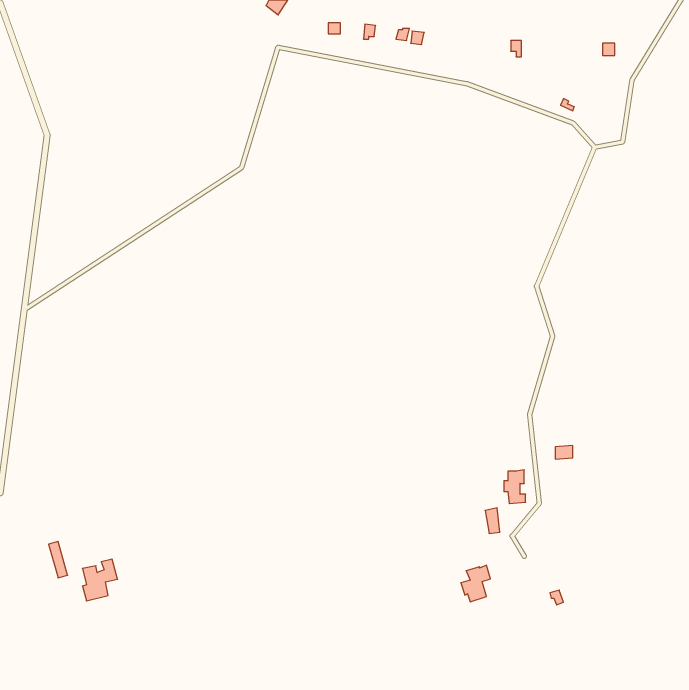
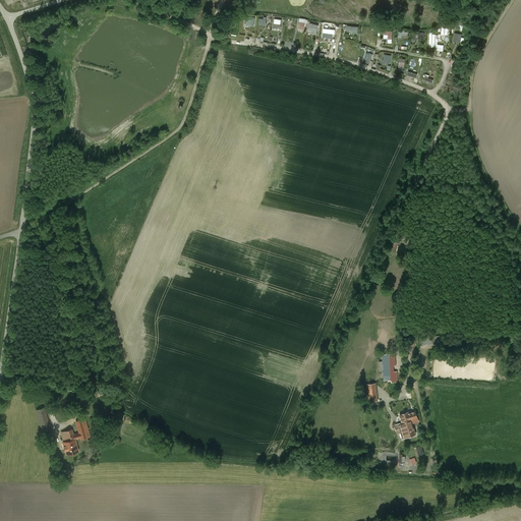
building: [461,565,490,602] -> [397,411,419,439]

